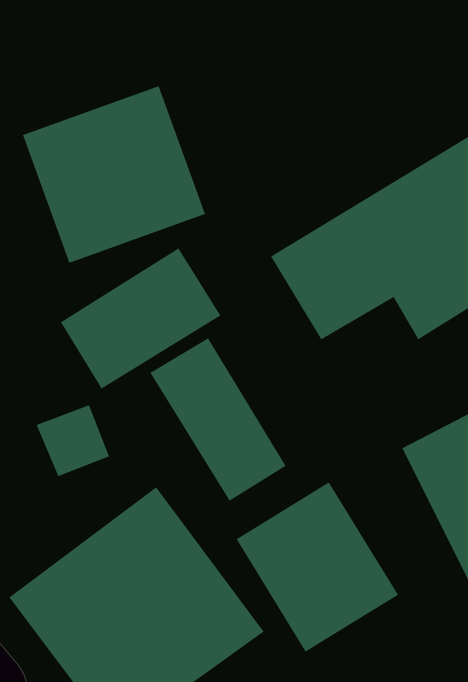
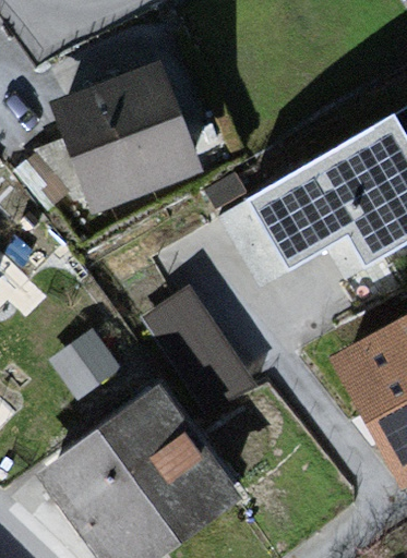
building: [60,247,221,389] -> none
building: [236,481,399,653] -> none

